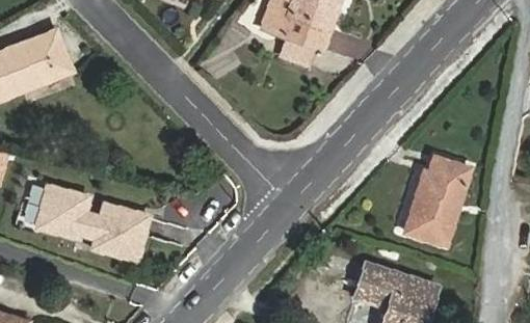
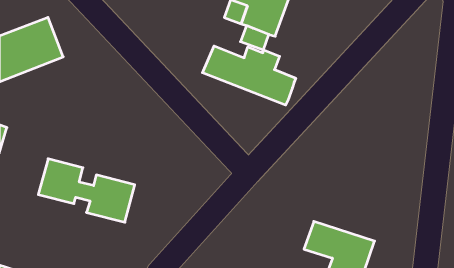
building: none -> [202,46,296,105]
building: [404,157,469,243] -> none

